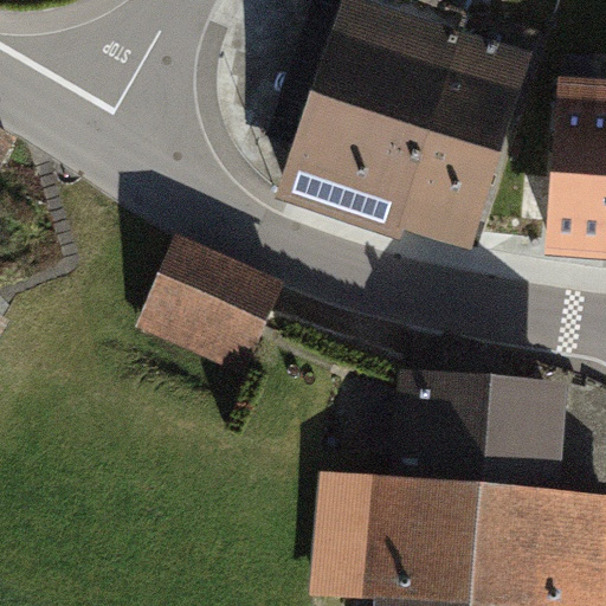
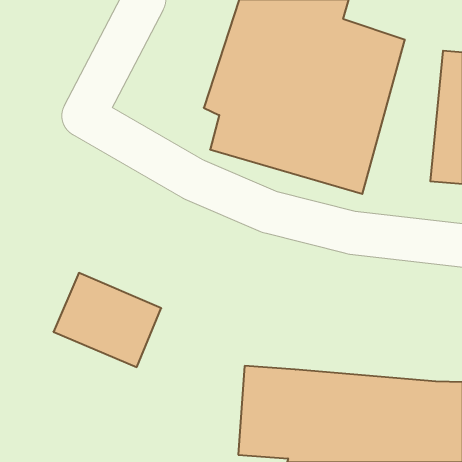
building: [137,250,278,373] -> [53,273,161,367]
building: [387,374,581,498] -> none

